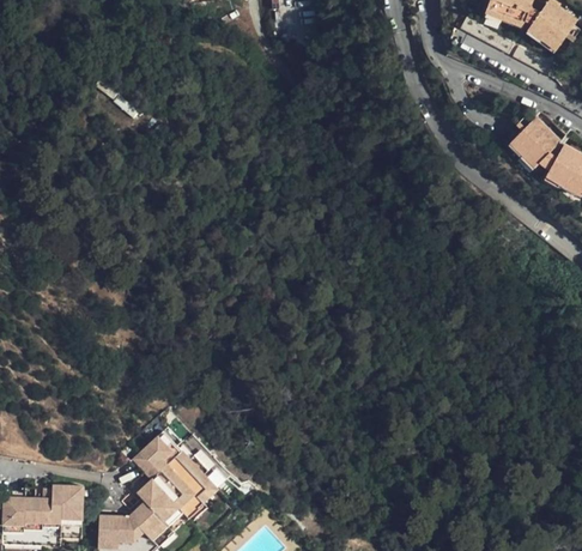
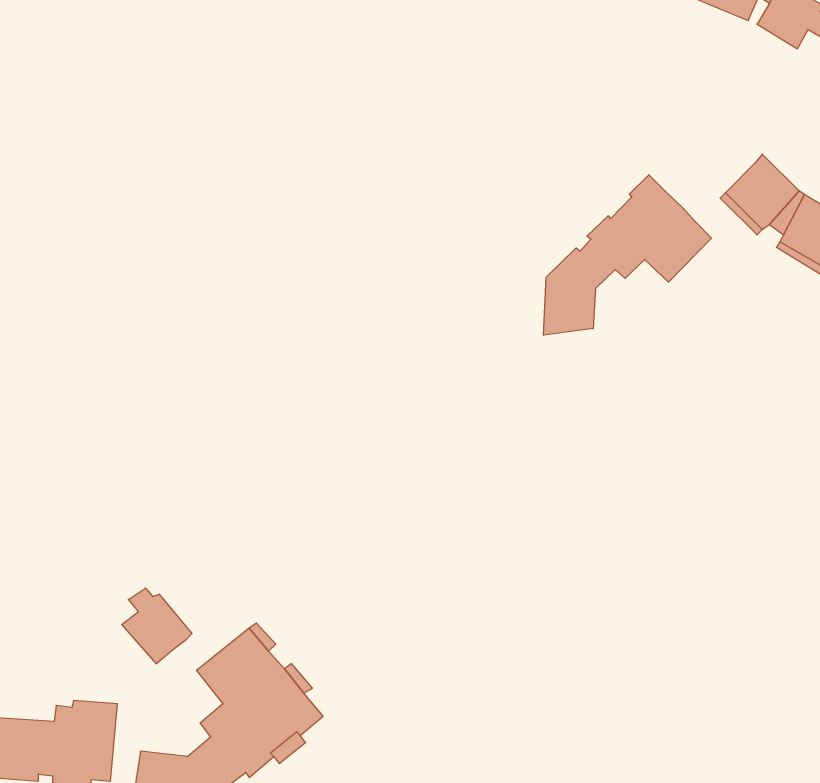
building: none -> [544,175,711,335]
building: none -> [122,588,192,664]

